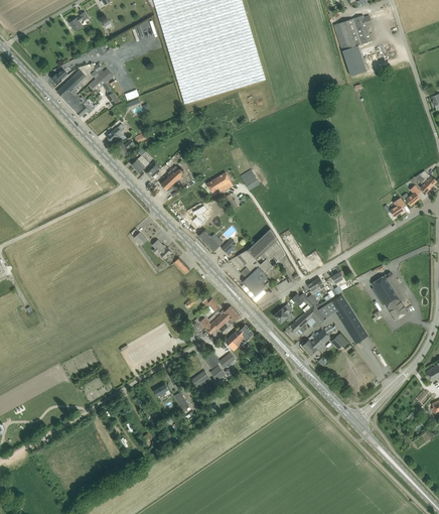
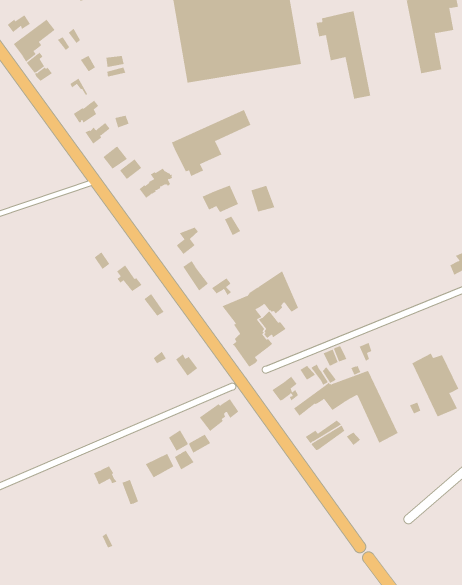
building: none -> [316,11,371,100]
building: none -> [171,109,251,177]
building: [197,305,240,335] -> none

